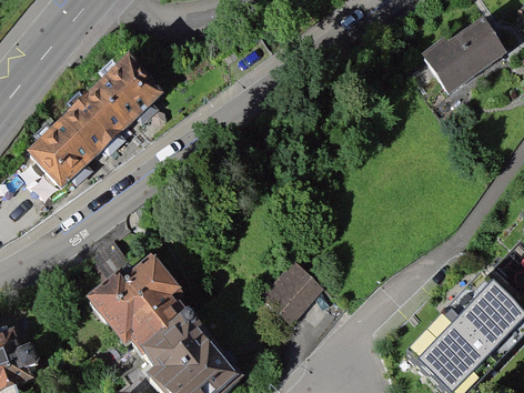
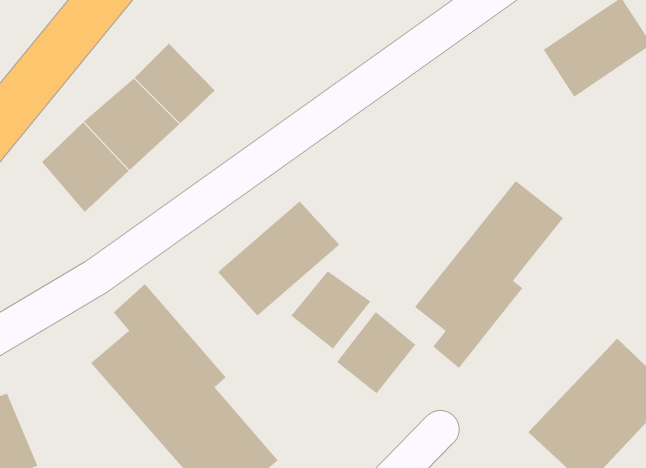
building: none -> [414,180,564,369]
building: none -> [217,200,340,316]
building: none -> [291,270,371,350]

